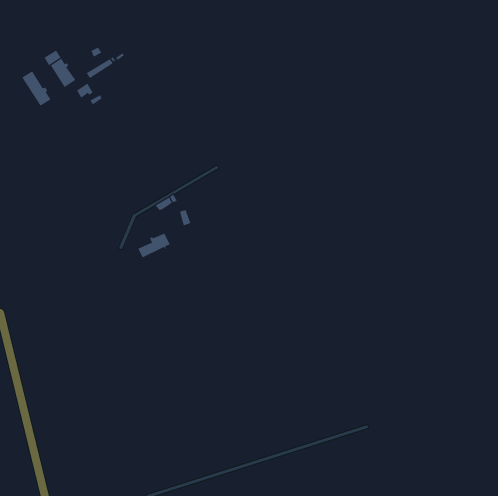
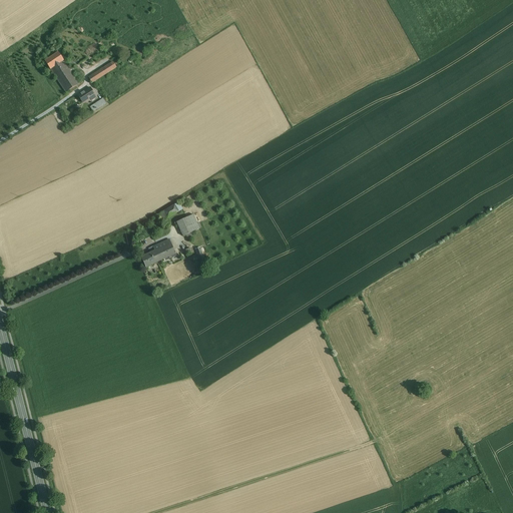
building: [22,71,51,106] -> none

